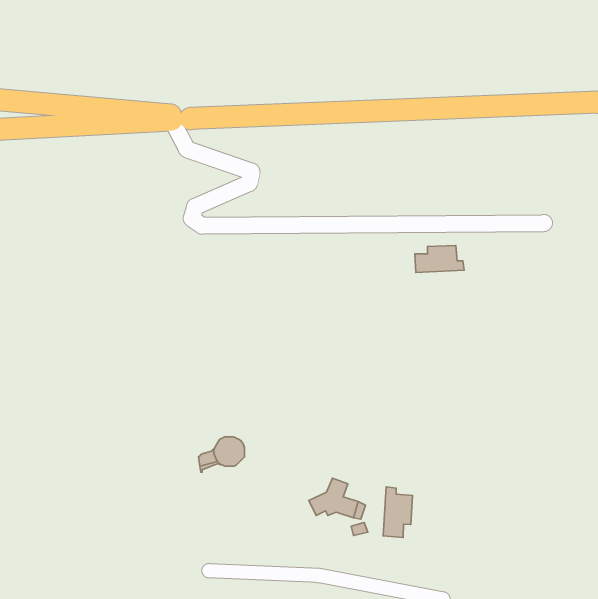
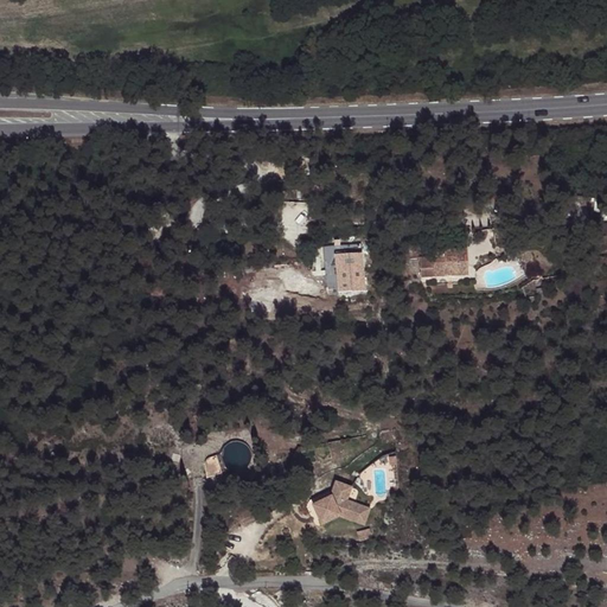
building: none -> [333,243,365,292]
building: [383,487,413,537] -> none

